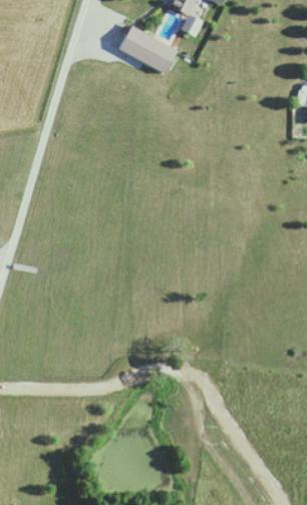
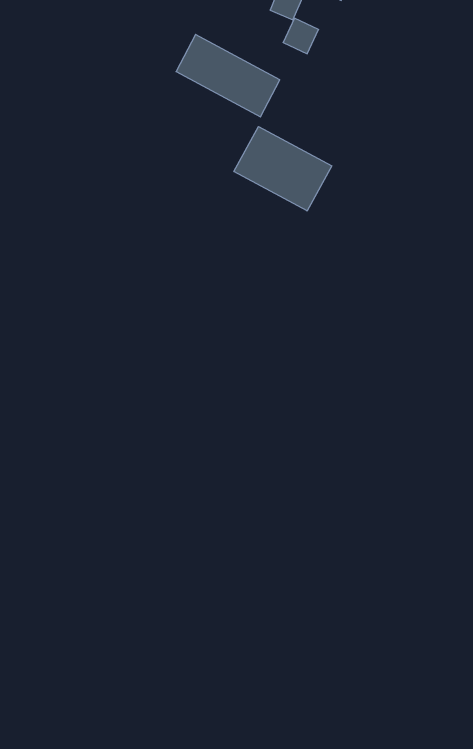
building: none -> [234,127,332,211]

